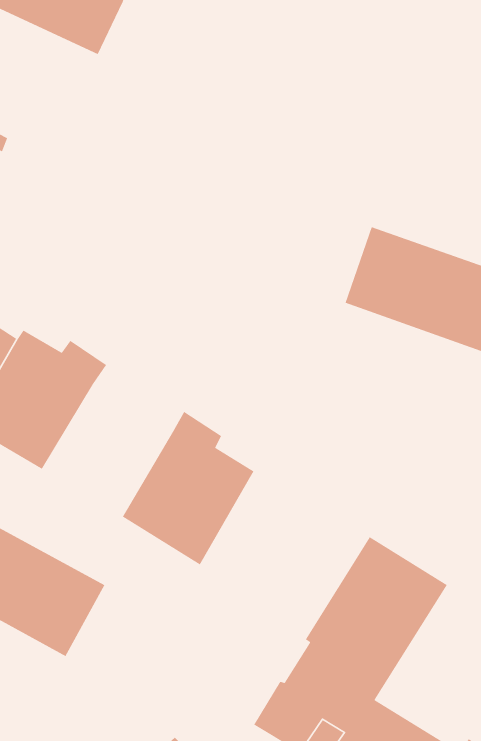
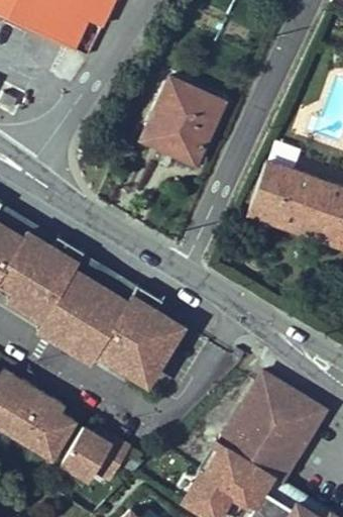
building: none -> [144,80,224,165]
building: none -> [35,270,129,369]
building: none -> [60,417,131,484]

